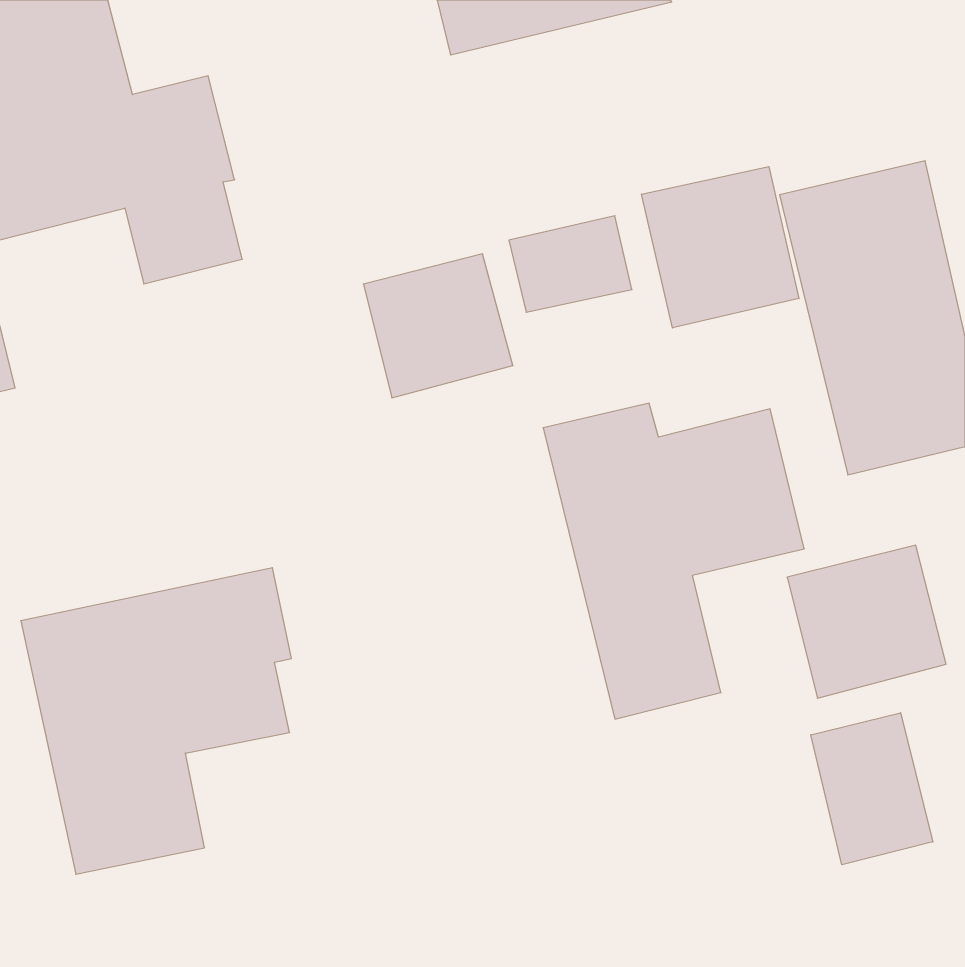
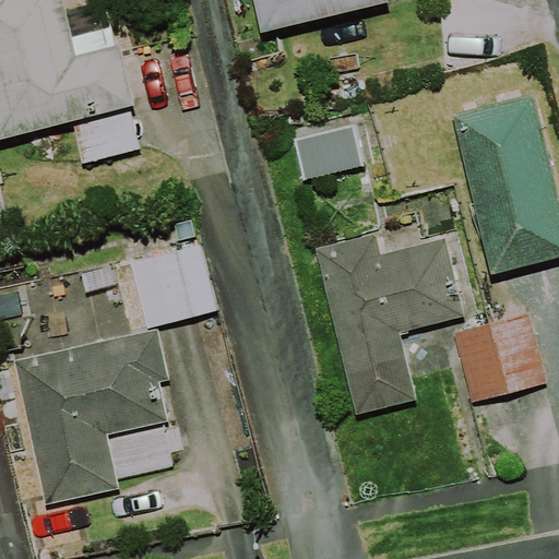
building: [642,167,799,328] -> none
building: [363,254,513,398] -> [132,245,218,328]
building: [811,713,933,865] -> none

